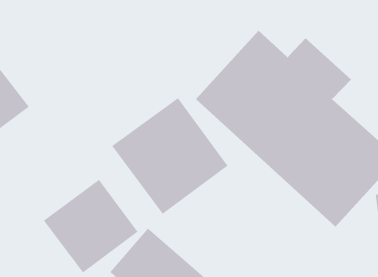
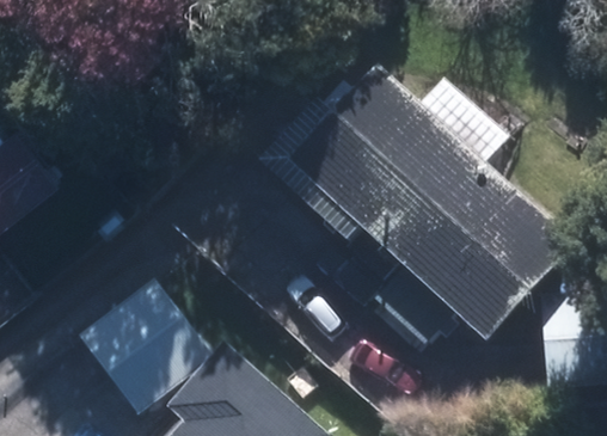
building: [111,97,229,215] -> none

